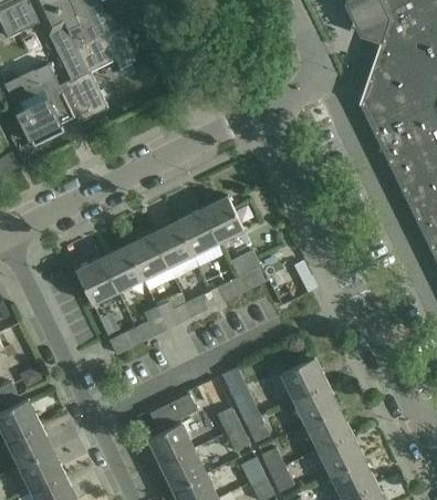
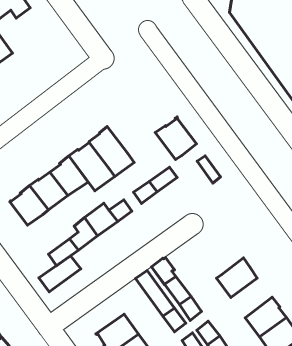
building: [200,196,244,243] -> [155,117,197,159]
building: [270,357,327,410] -> none
building: [149,394,198,430] -> [39,256,81,292]
building: [305,408,352,450] -> none

